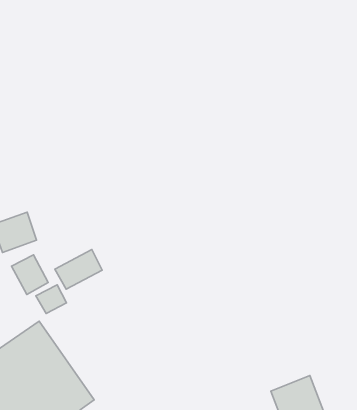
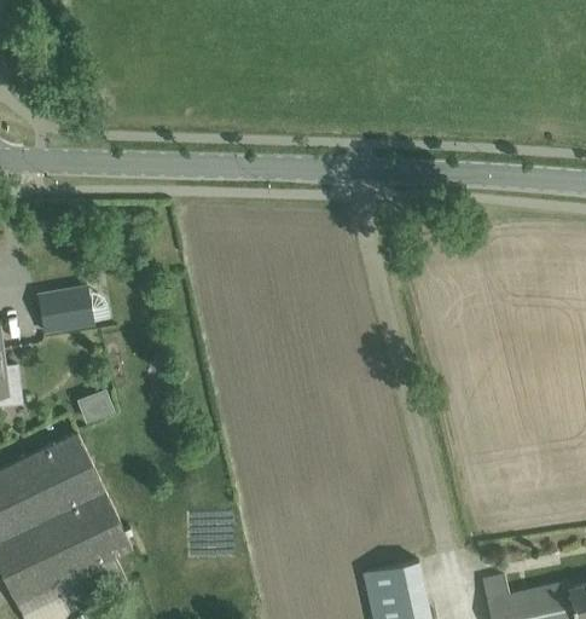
building: [55,249,102,289] -> none
building: [12,255,48,294] -> none

